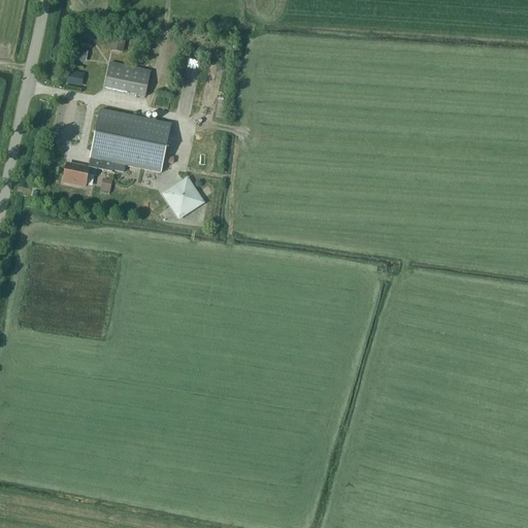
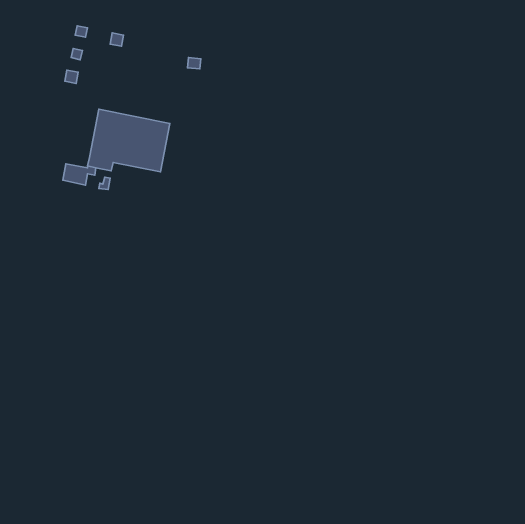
building: [104,62,151,96] -> none
building: [164,179,201,217] -> none

